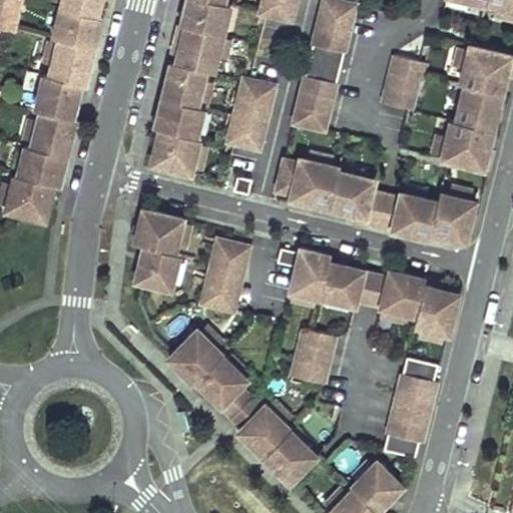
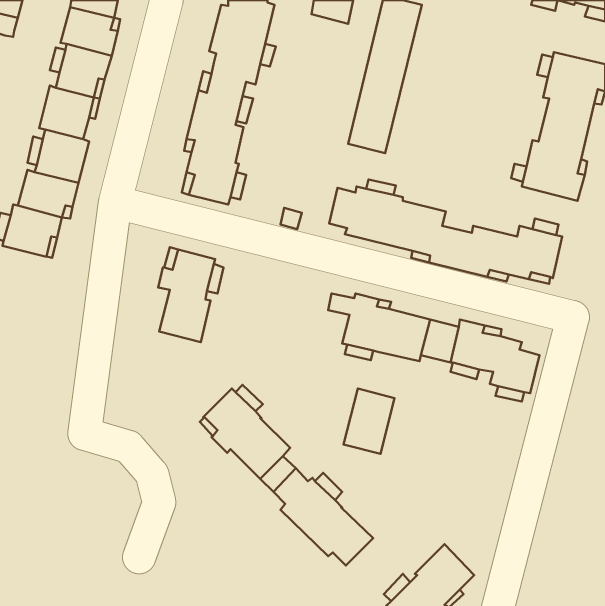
building: [383,55,426,110] -> none
building: [230,78,278,149] -> none
building: [198,238,247,321] -> none
building: [383,357,436,456] -> none

